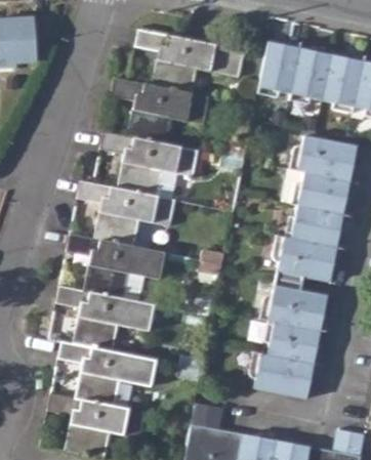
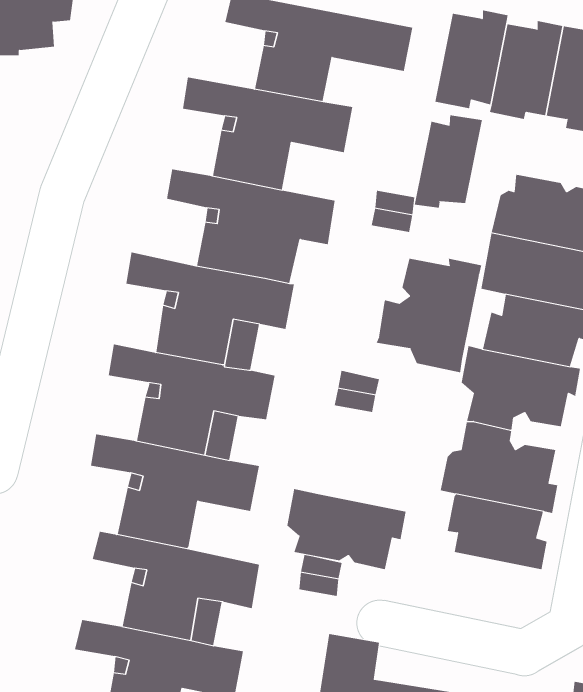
building: none -> [414,114,482,209]
building: none -> [376,258,482,373]
building: [249,351,319,399] -> [287,488,407,570]

